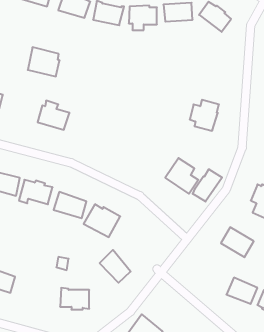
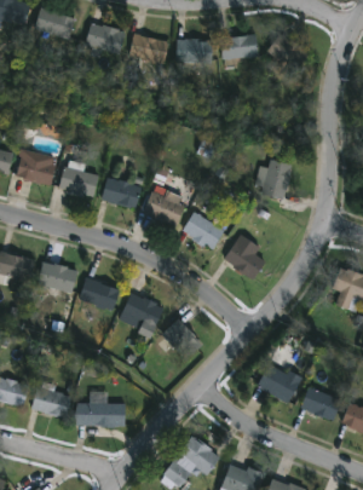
building: [28,47,60,76] -> [16,148,57,185]
building: none -> [102,175,142,208]
building: none -> [143,185,185,226]
building: none -> [177,207,224,249]
building: [193,169,222,202] -> none
building: [221,227,254,257] -> [258,364,300,403]
building: [100,250,131,283] -> [161,317,201,359]
building: none -> [30,381,71,419]

